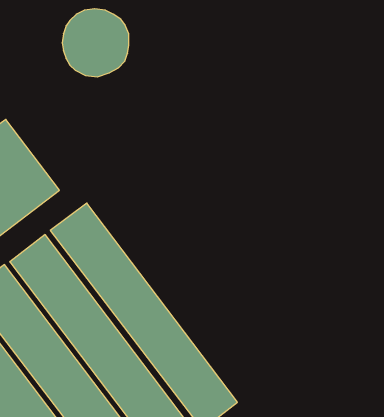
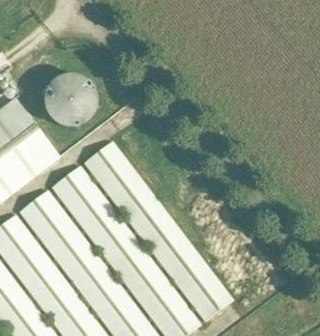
building: [62,9,129,77] -> [45,74,97,128]
building: none -> [84,141,233,320]

